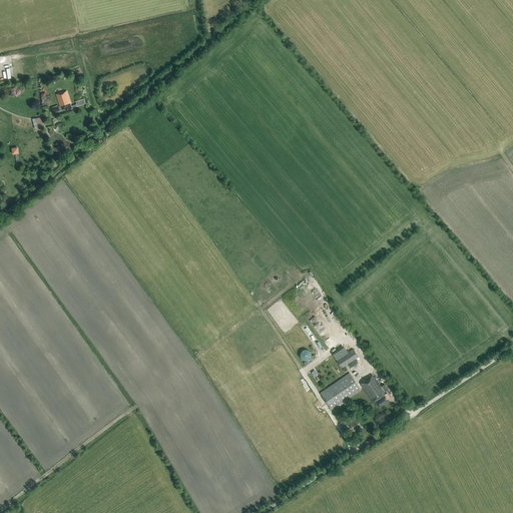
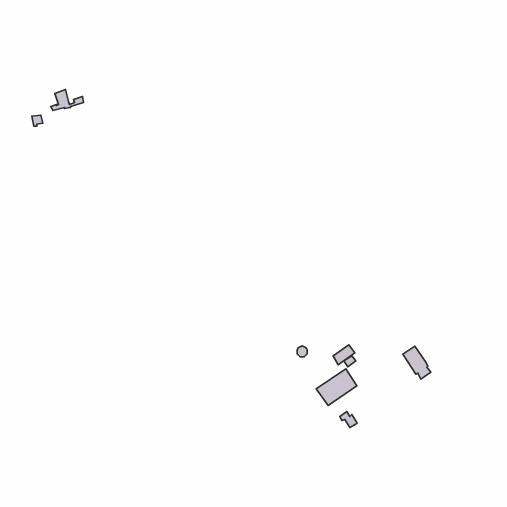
building: [359,374,387,407] -> [403,346,431,379]

